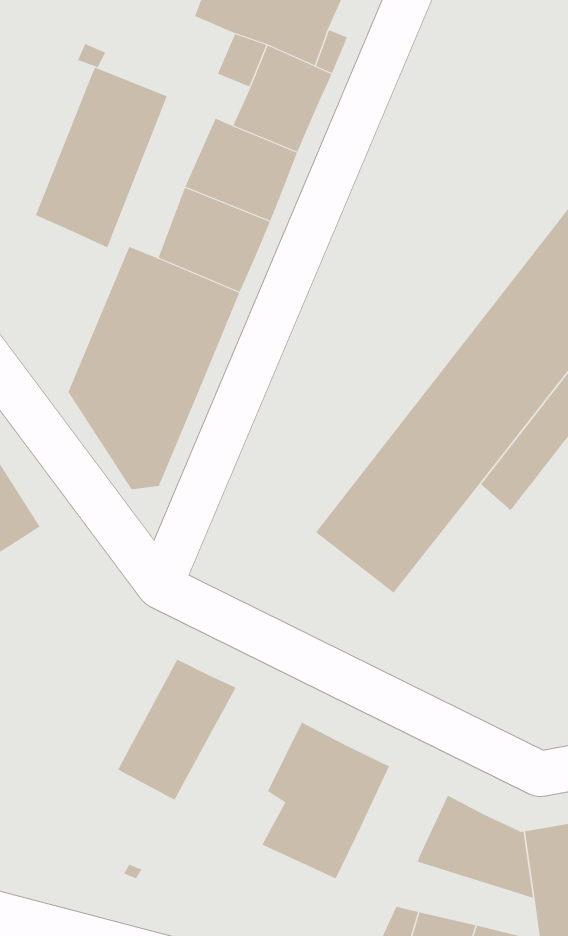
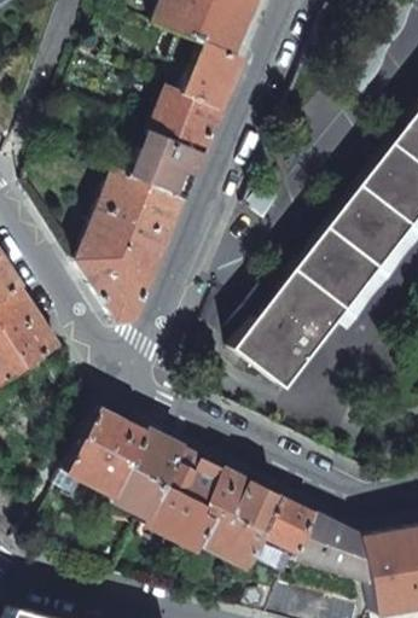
building: [35,67,168,248] -> none
building: none -> [64,404,145,495]
building: none -> [141,445,223,550]
building: none -> [261,495,315,552]

